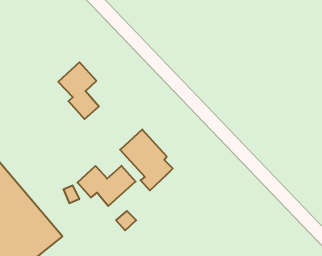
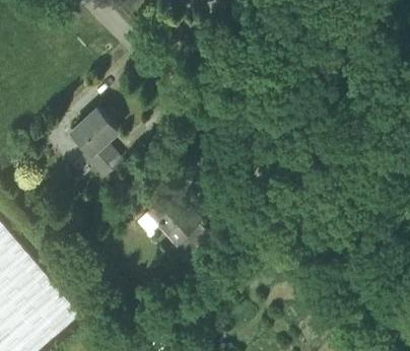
building: [77,166,136,206] -> none

